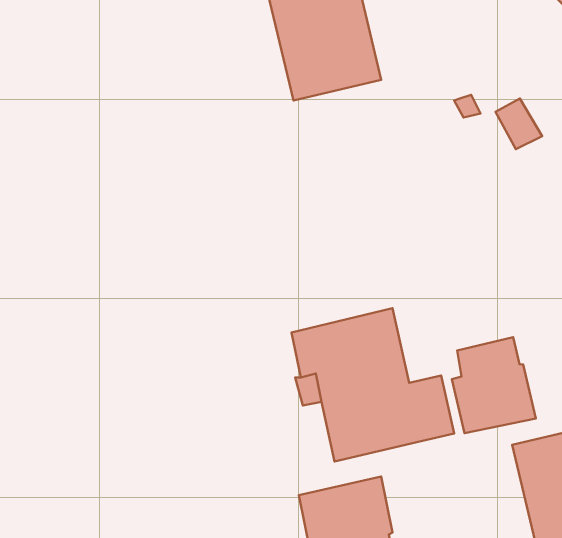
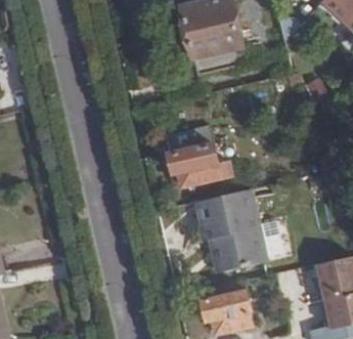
building: none -> [166,128,232,188]
building: [452,337,536,433] -> none

